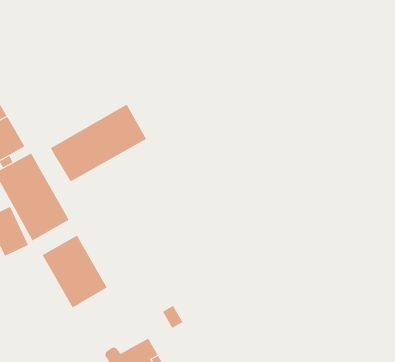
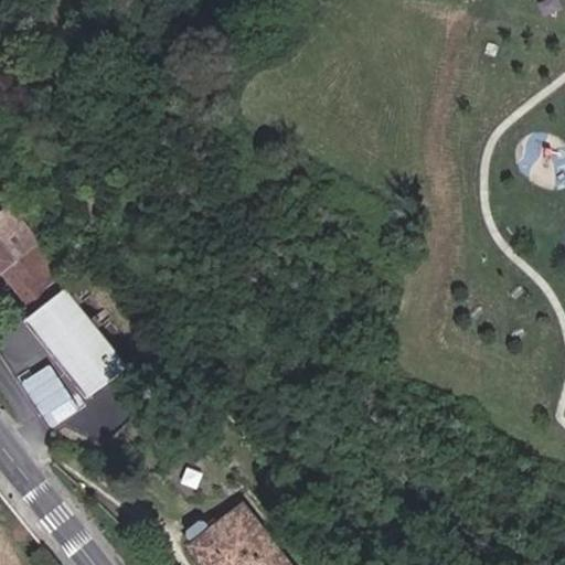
building: [50,104,147,182] -> none
building: [42,235,107,308] -> none

